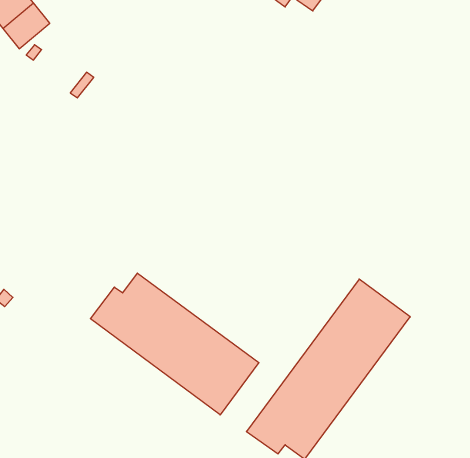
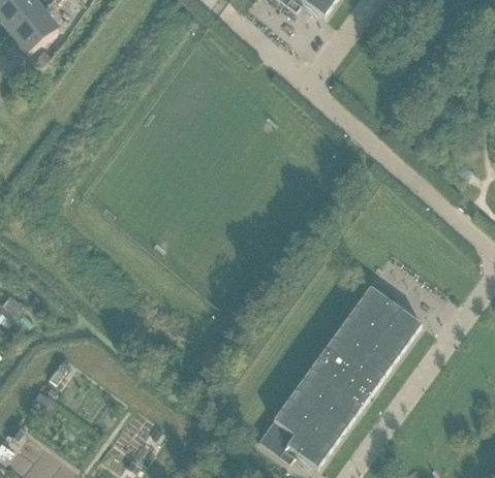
building: [90,273,259,415] -> none

